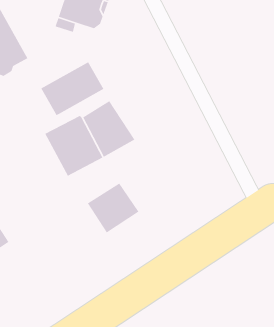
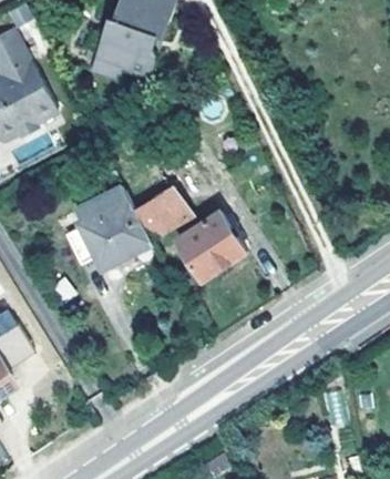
building: [40,61,104,116] -> none
building: [87,183,139,233] -> [179,213,247,278]

